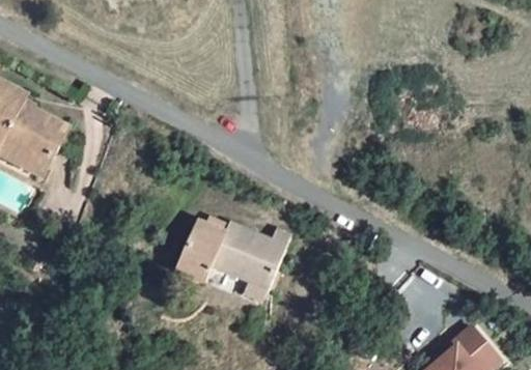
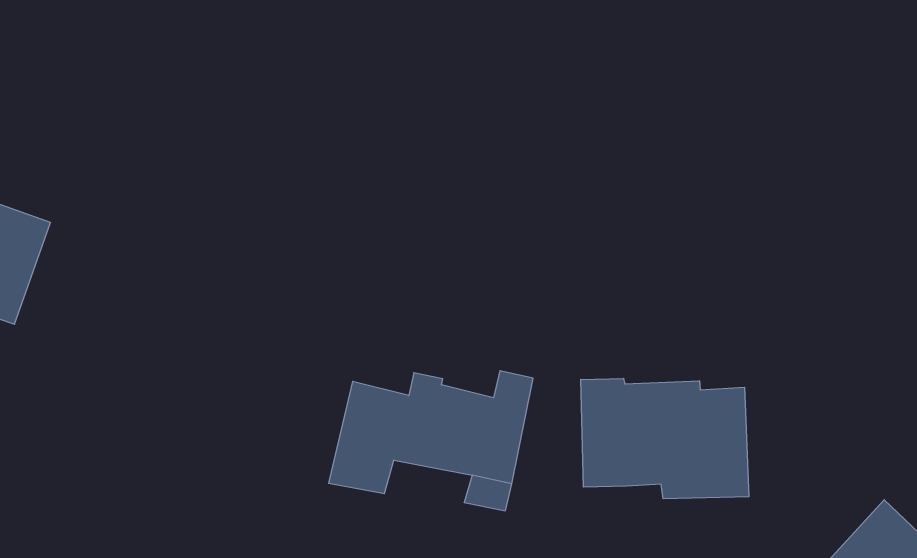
building: none -> [581,378,749,499]

